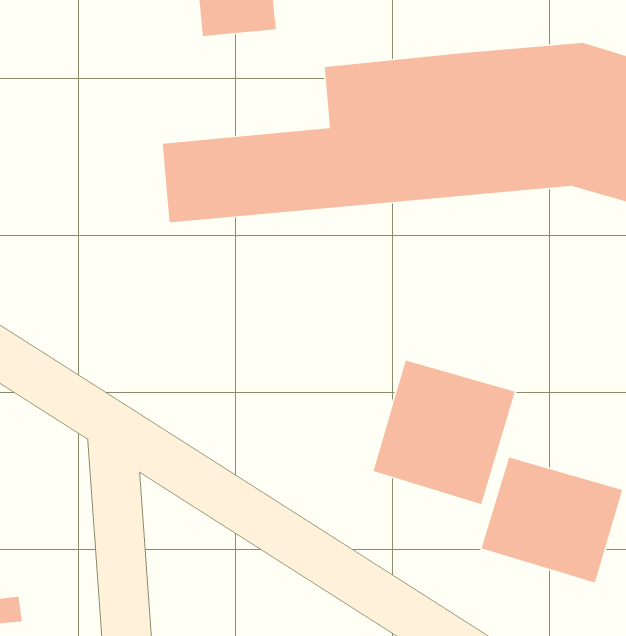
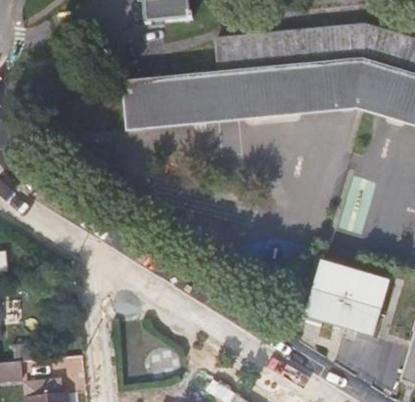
building: [373,359,516,505] -> none

